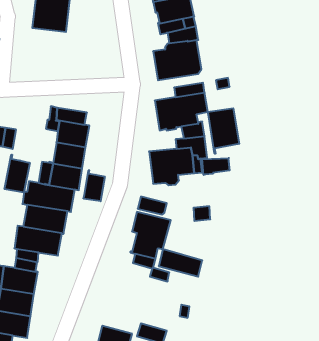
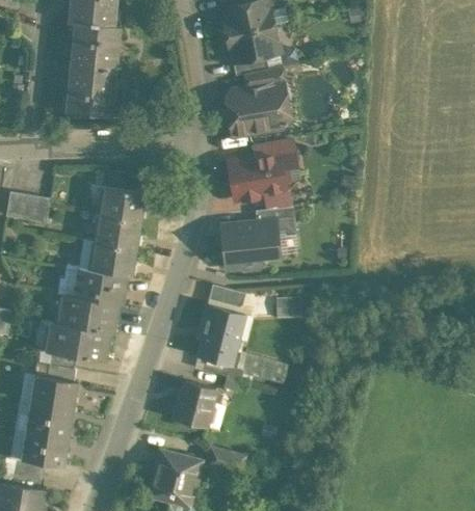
building: none -> [67,66,114,115]
building: [208,108,239,154] -> none
building: [5,155,30,192] -> none
building: [202,158,230,175] -> none
building: [84,170,105,201] -> none
building: none -> [173,380,215,426]

